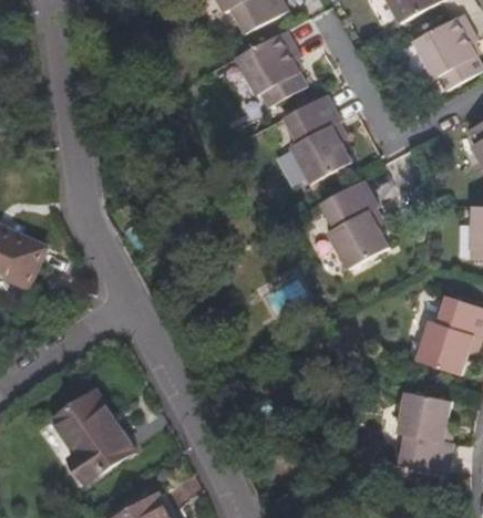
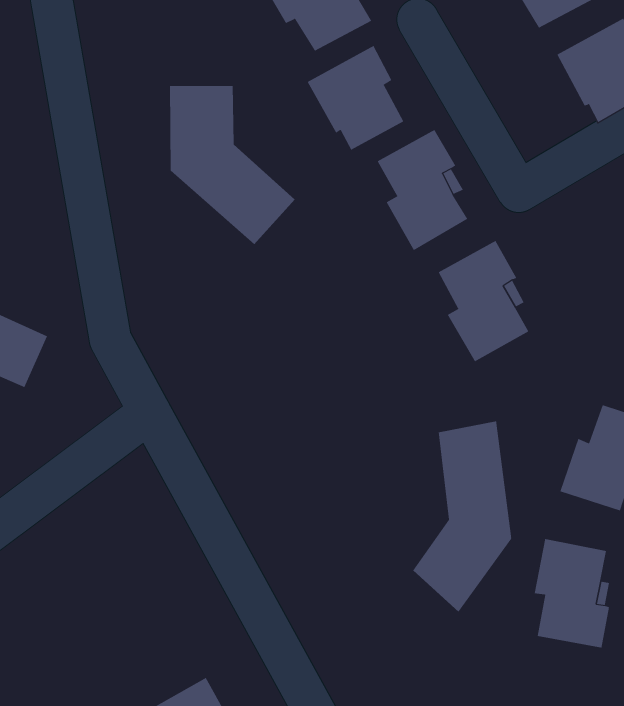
building: none -> [169,85,295,245]
building: none -> [413,420,512,613]
building: [51,394,132,483] -> none

